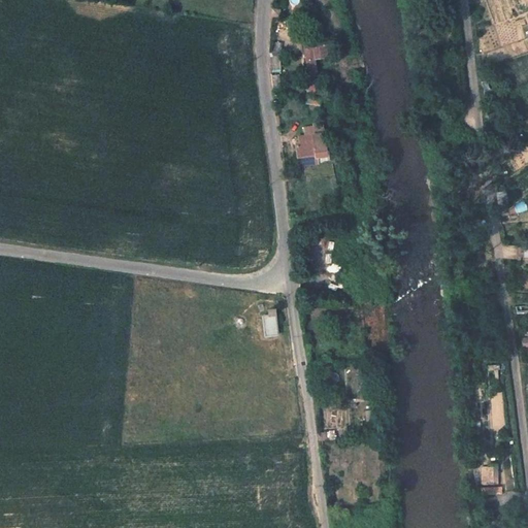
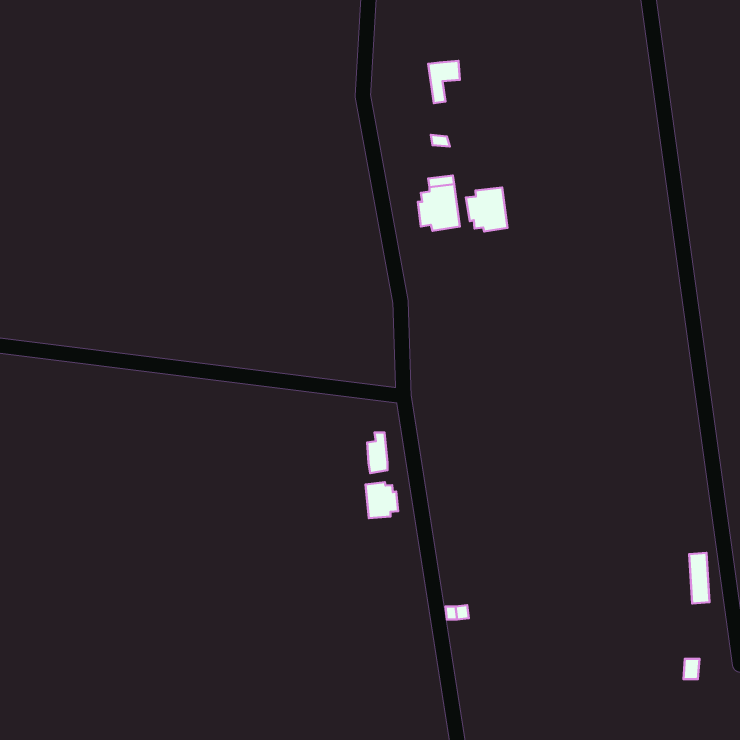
building: none -> [466,187,508,232]
building: none -> [366,482,398,518]

